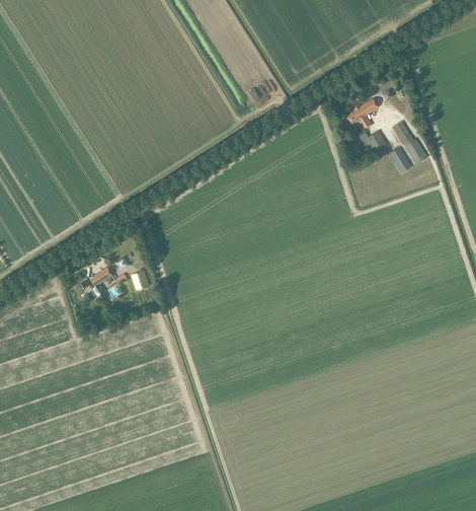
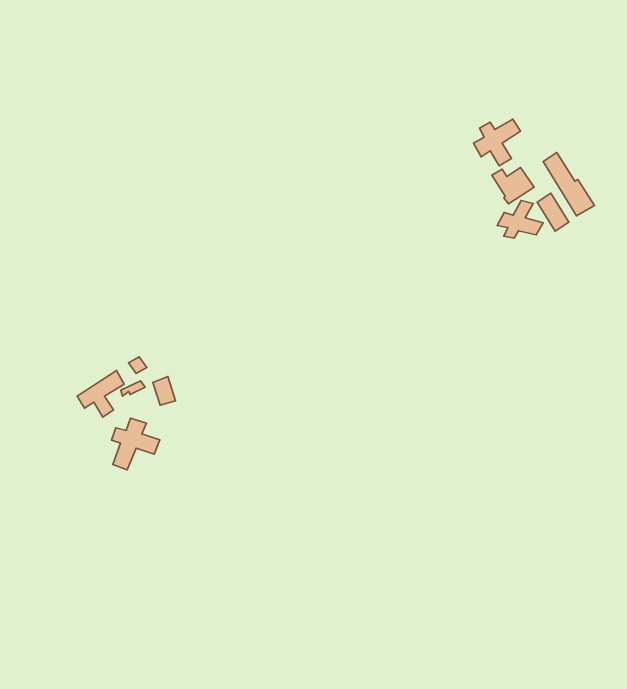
building: none -> [497,201,543,238]
building: none -> [111,418,160,470]

